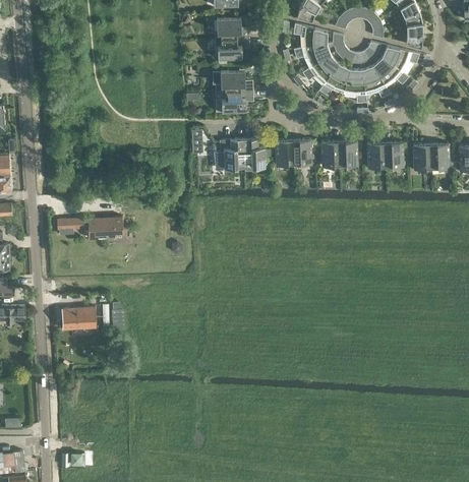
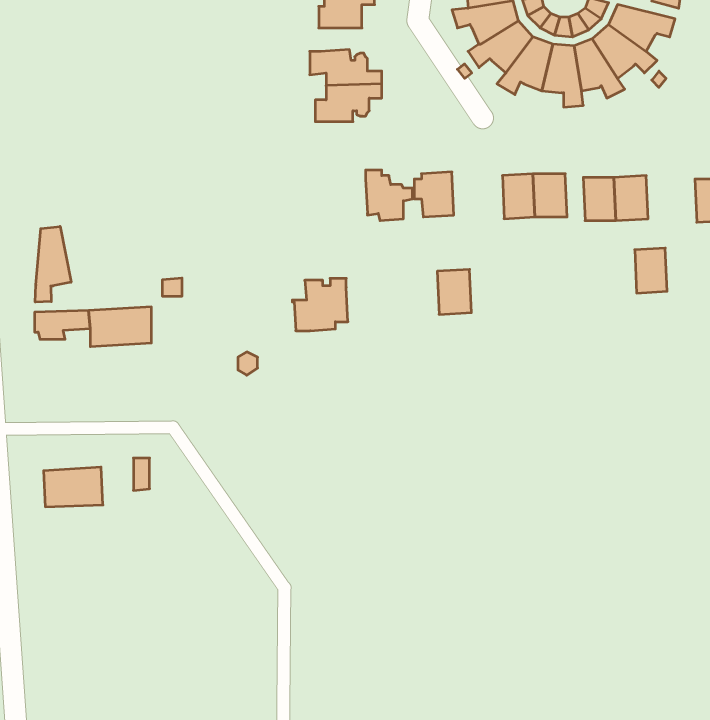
building: [214,139,245,169] -> [292,278,348,331]
building: [293,139,312,165] -> [437,269,471,314]
building: [413,144,431,170] -> [635,248,667,293]
building: none -> [35,226,71,302]

